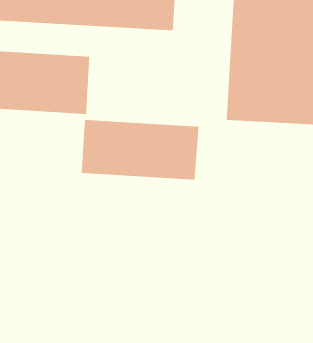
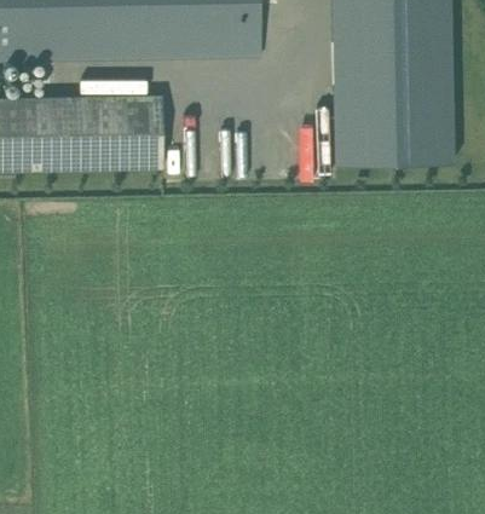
building: [81,119,199,181] -> none

